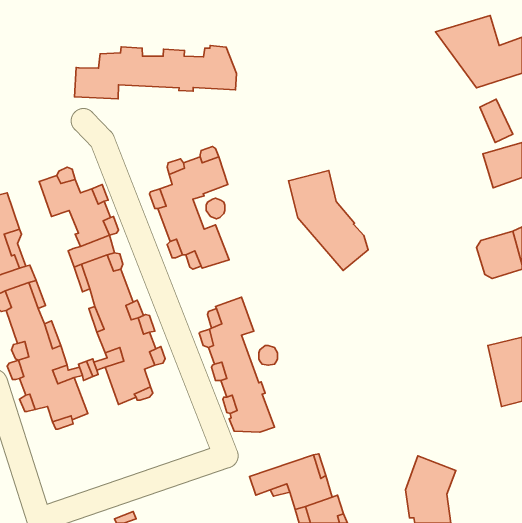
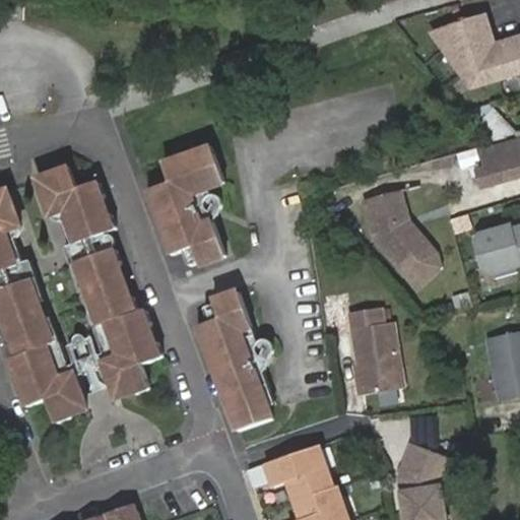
building: [75,46,237,99] -> none
building: [289,170,368,270] -> [360,188,438,286]
building: none -> [347,310,399,396]

